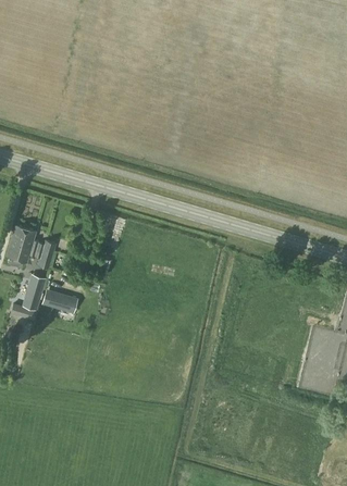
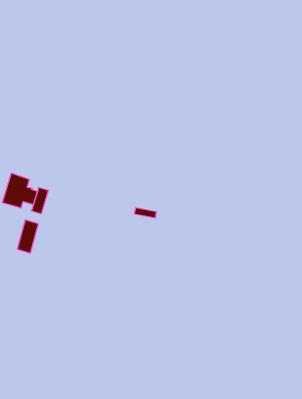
building: [41,290,77,314] -> none

